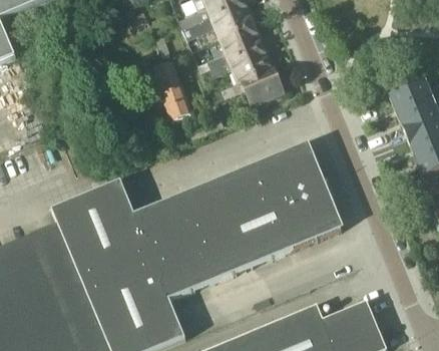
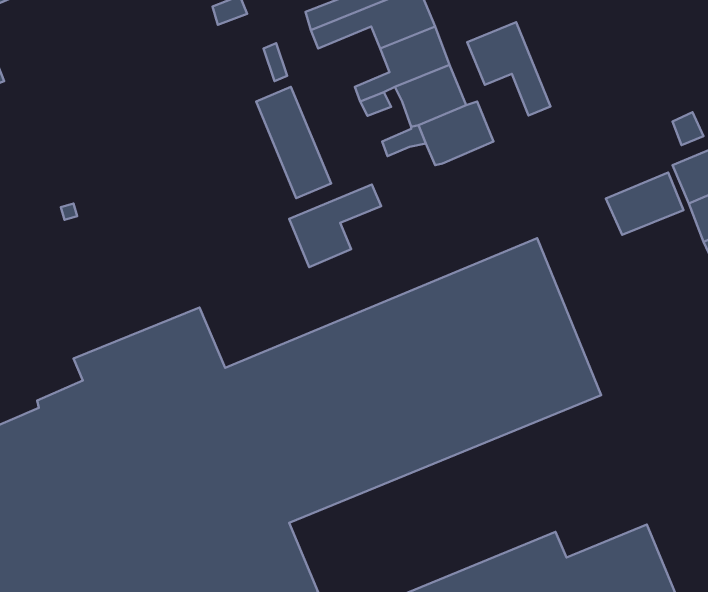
building: none -> [467,22,550,116]
building: none -> [606,173,683,235]
building: none -> [289,184,381,267]

